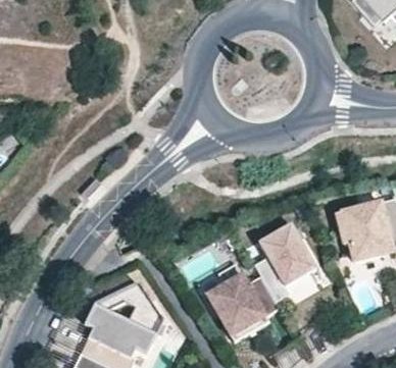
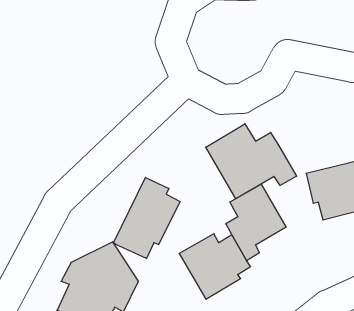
building: none -> [206,124,297,199]
building: none -> [114,177,180,259]

